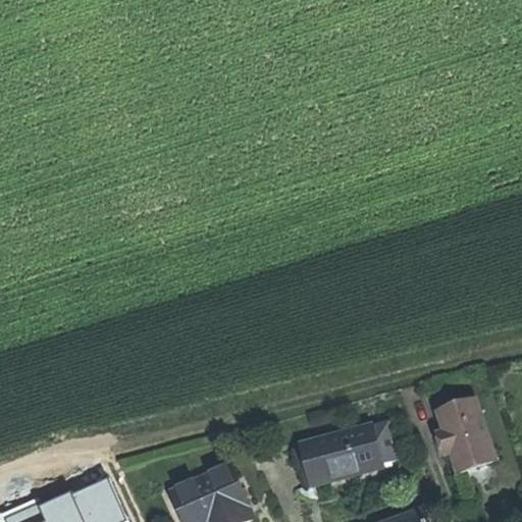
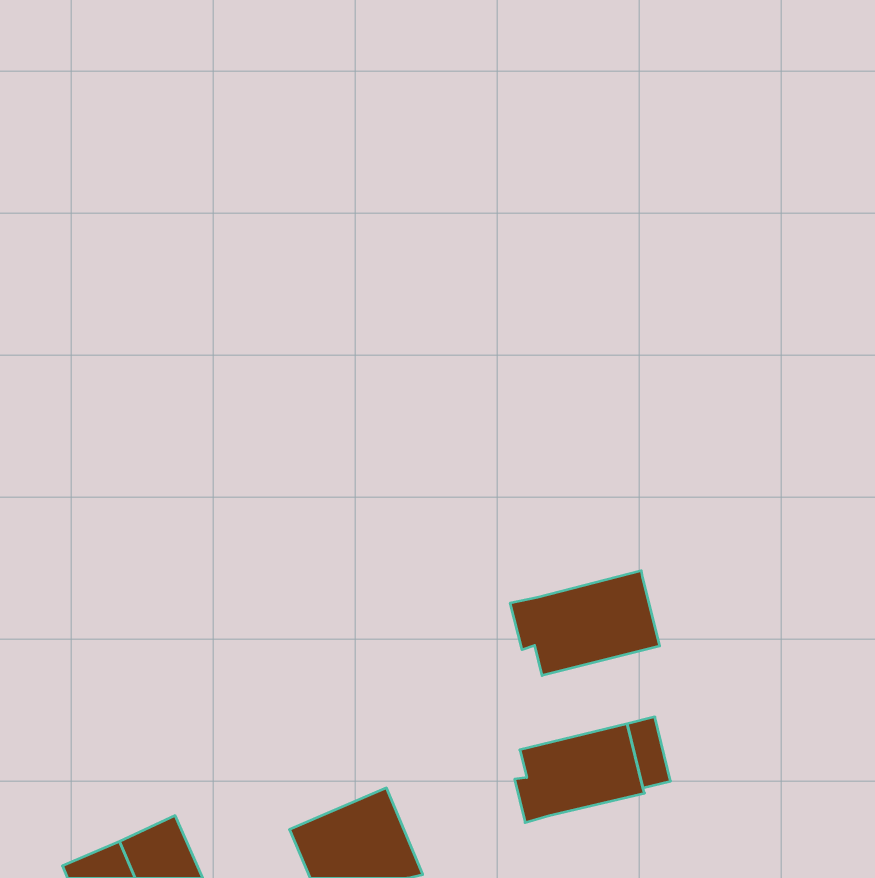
building: none -> [510,571,660,676]
building: [434,402,492,470] -> none

